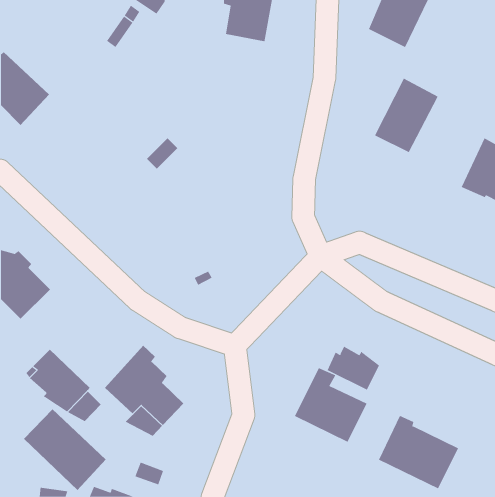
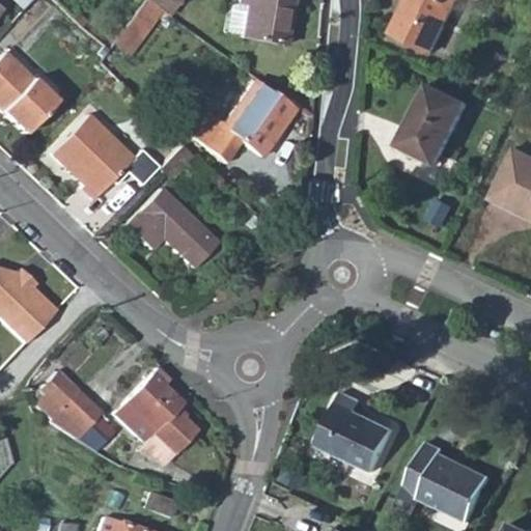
building: none -> [196,82,296,165]
building: none -> [53,116,133,200]
building: none -> [128,190,218,268]
building: [327,346,380,391] -> none
building: [23,409,107,491] -> none

